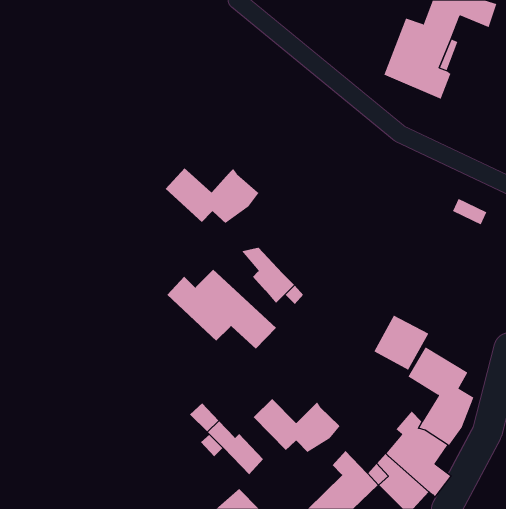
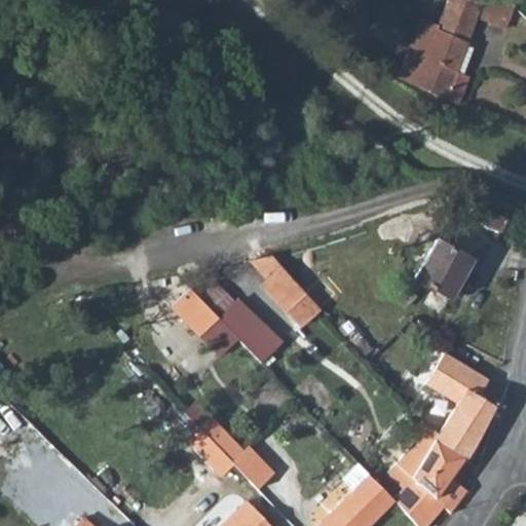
building: [165,167,259,224] -> none
building: [374,315,429,371] -> [415,241,473,299]
building: [253,398,340,453] -> none

